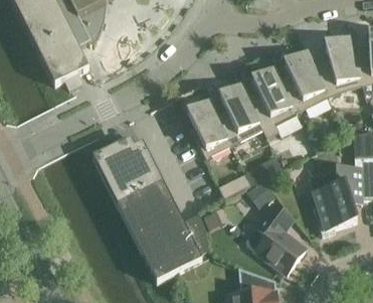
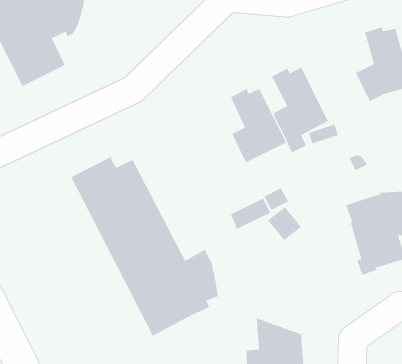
building: [282,50,327,110] -> none
building: [185,100,229,155] -> none
building: [253,200,305,271] -> none

